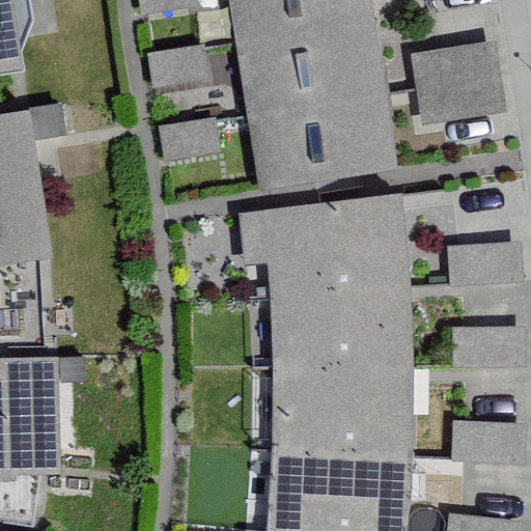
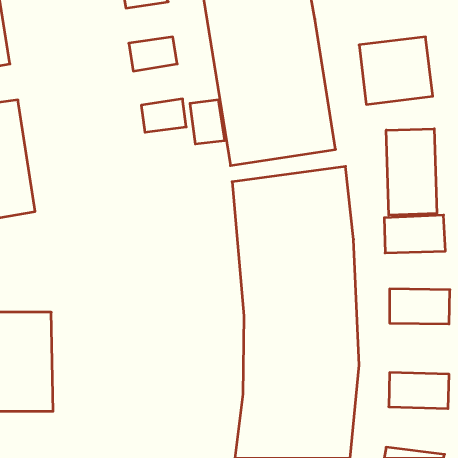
building: none -> [386,129,437,215]

